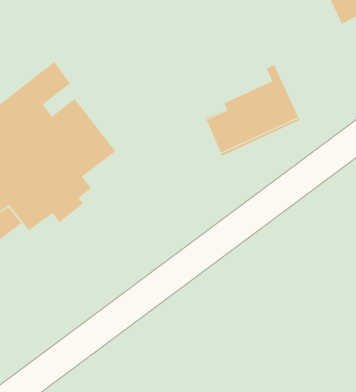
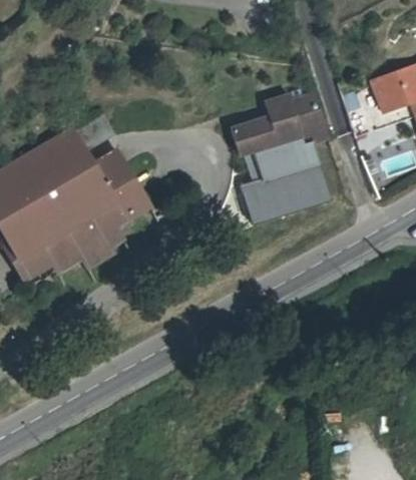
building: none -> [230,94,327,173]

